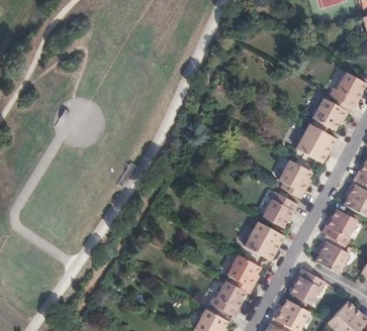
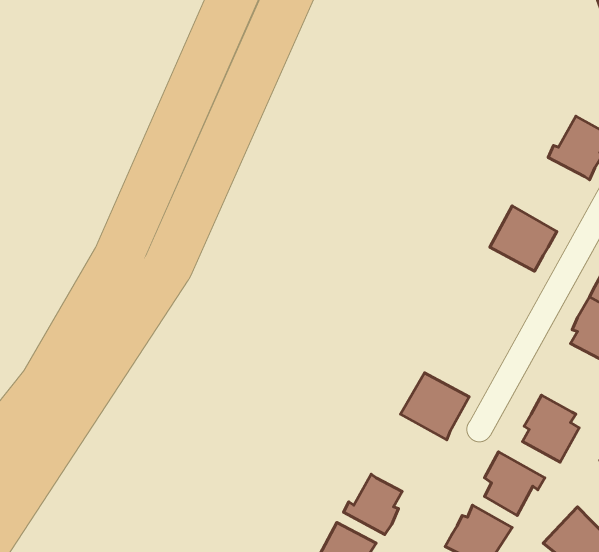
building: [311,95,351,128] -> none
building: [278,160,311,199] -> none
building: [262,191,297,227] -> none
building: [319,208,354,244] -> none
building: [226,254,260,293] -> none

